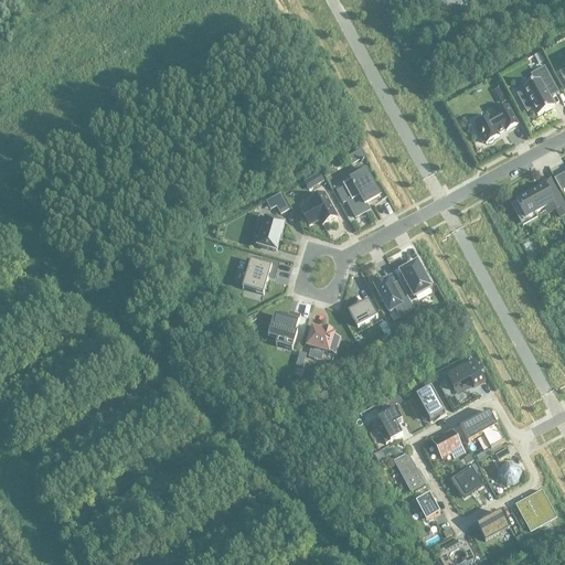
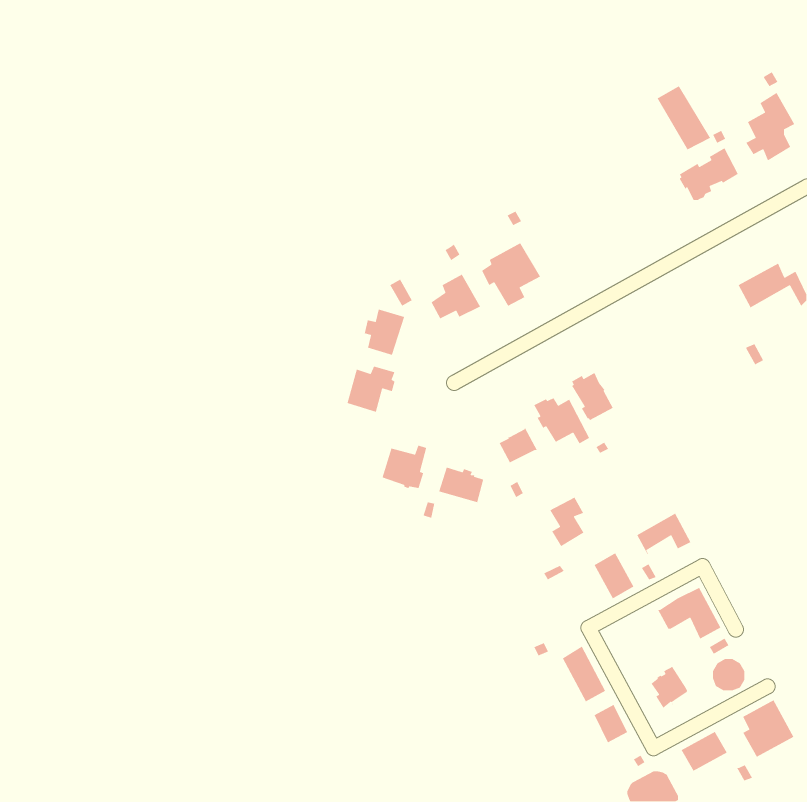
building: none -> [657,85,711,150]
building: [375,406,401,441] -> [548,496,584,547]
building: [431,429,461,455] -> none

